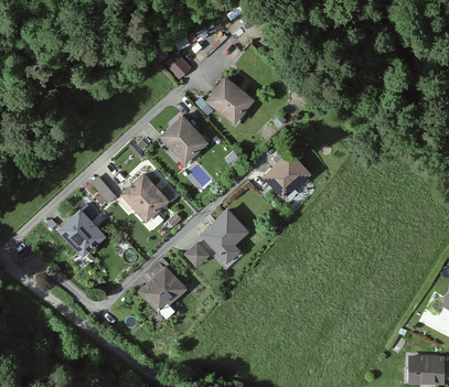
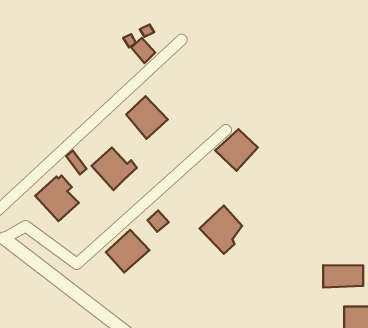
building: [206,75,256,122] -> none
building: [200,207,248,262] -> [200,205,242,254]
building: none -> [323,265,363,288]

